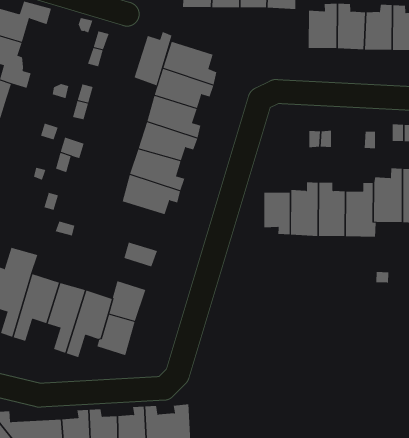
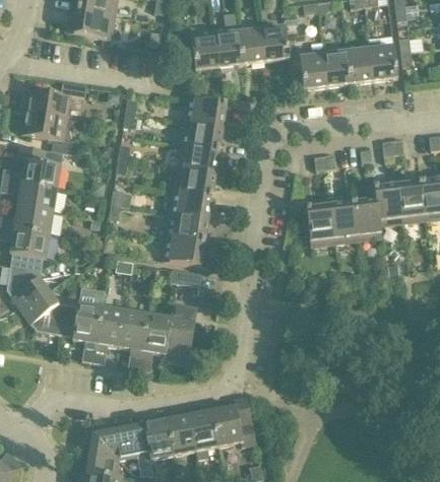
building: [134,31,172,86] -> none
building: [264,192,290,235] -> none
building: none -> [164,236,210,268]

